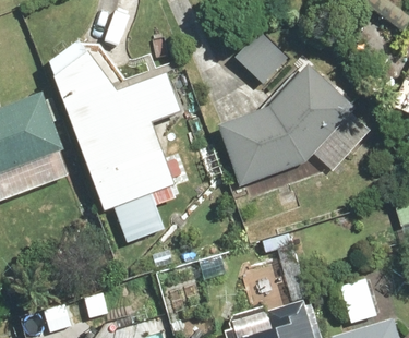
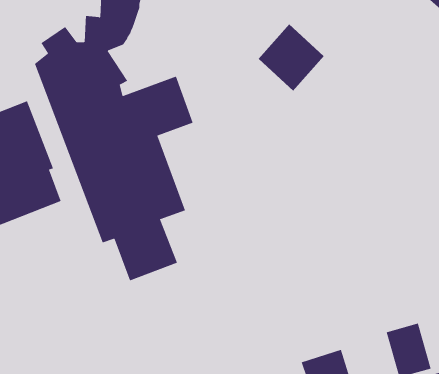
building: [217,59,359,186] -> none

